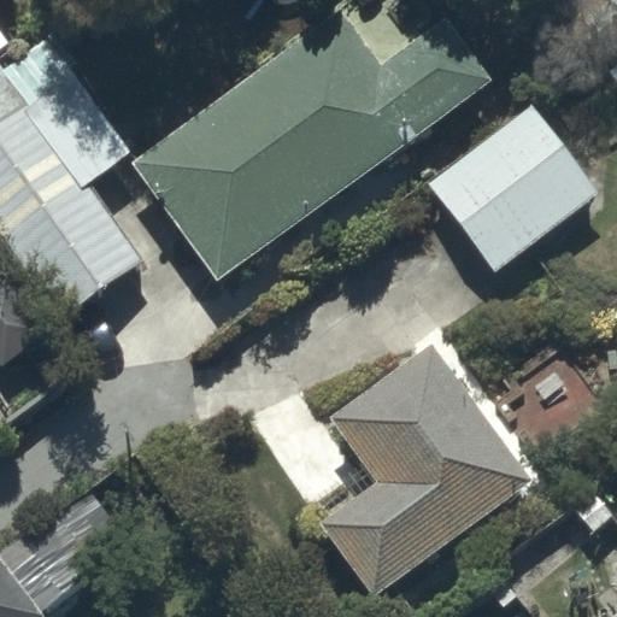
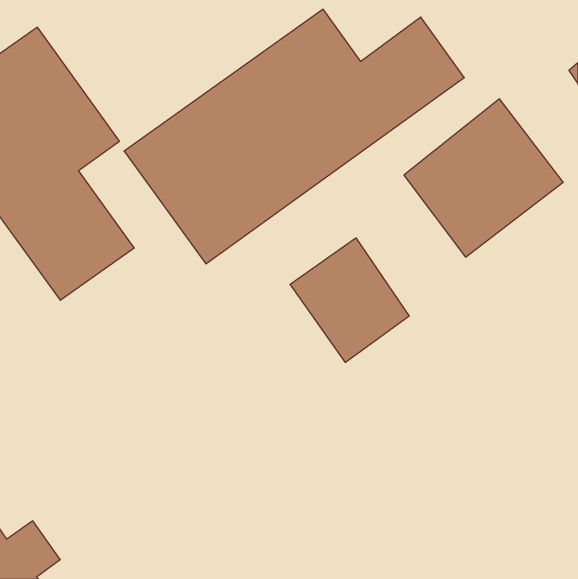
building: none -> [290,238,409,362]
building: [319,340,531,593] -> none

